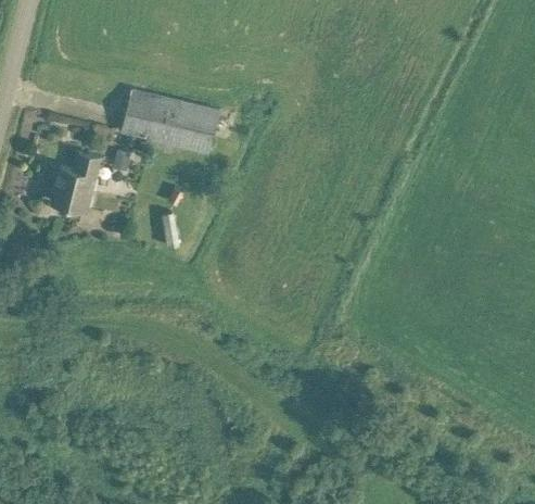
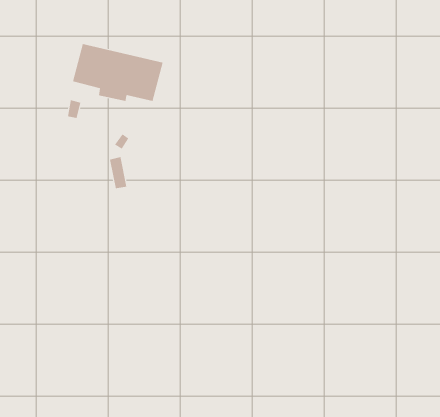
building: [51,151,99,210] -> none

